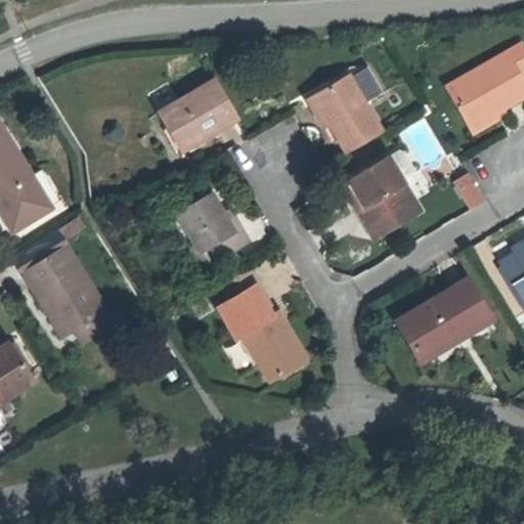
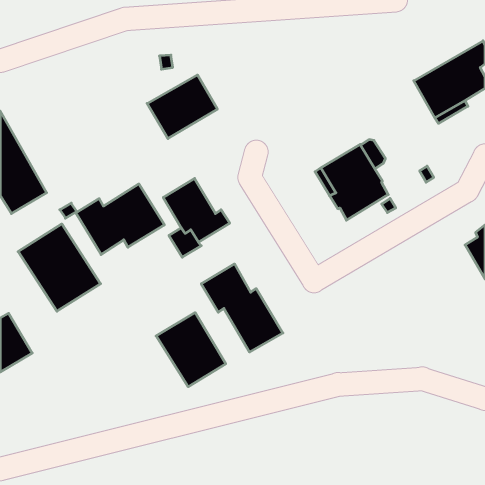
building: [311,66,383,152] -> none
building: none -> [76,184,164,255]
building: [398,280,489,359] -> none
building: none -> [156,313,226,387]

